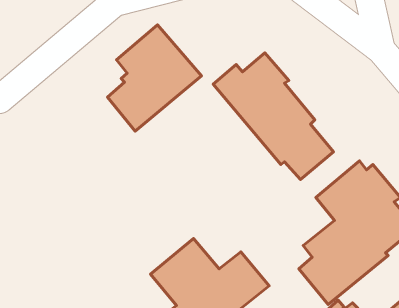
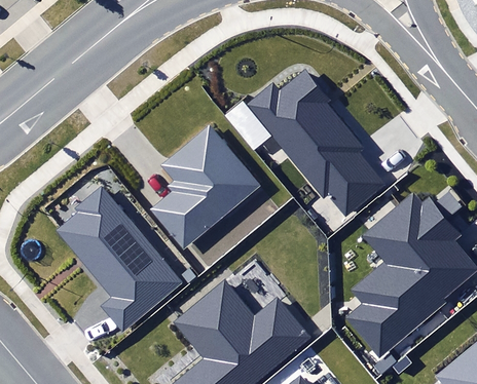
building: [108,25,201,131] -> [152,126,260,248]
building: none -> [56,187,182,332]

